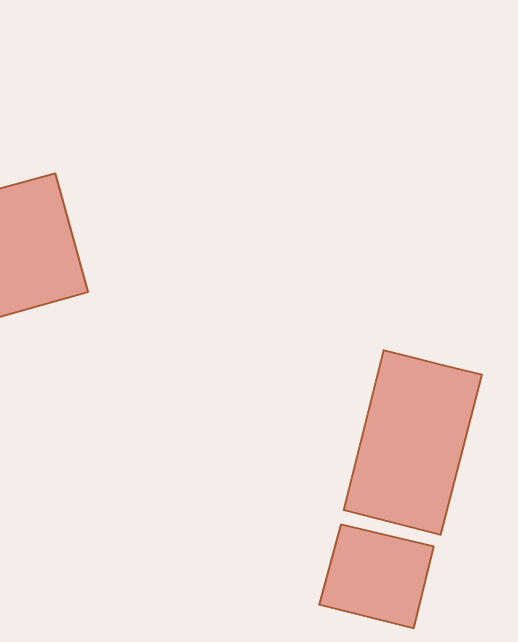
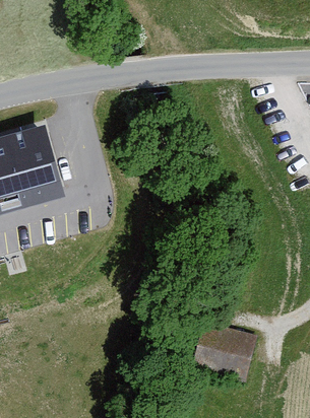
building: [344,350,482,535] -> none

